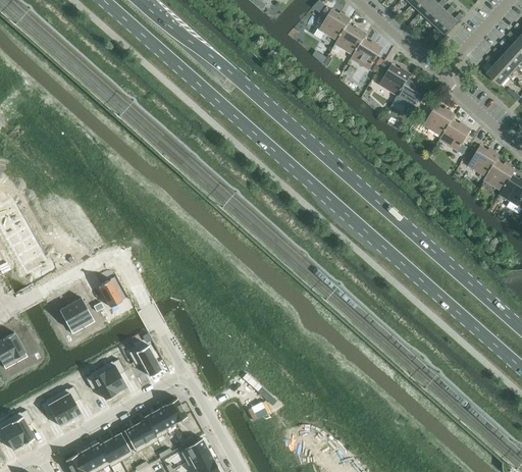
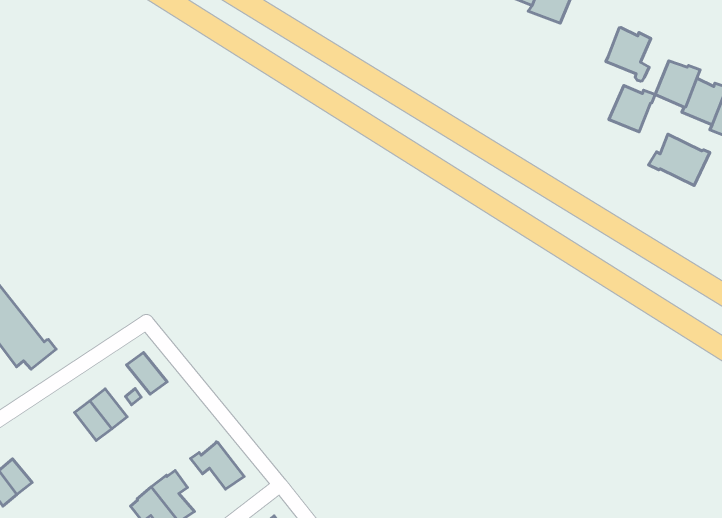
building: [423,105,456,137] -> [609,85,655,132]
building: none -> [649,134,710,185]

